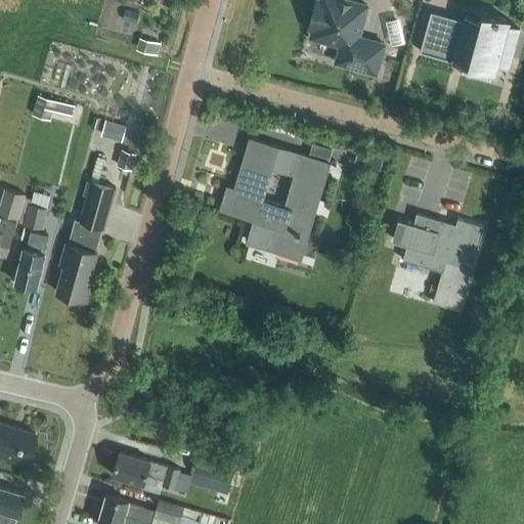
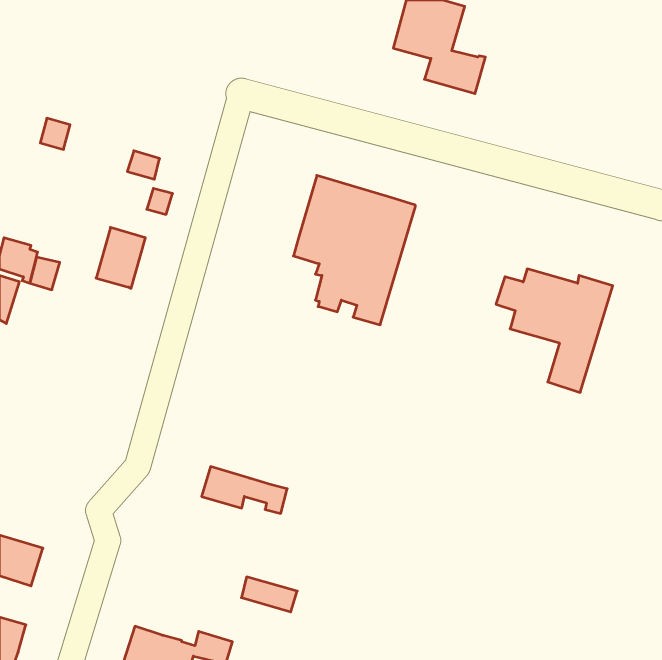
building: [418,12,518,70] -> none
building: [55,222,101,303] -> none
building: [14,234,47,290] -> none
building: [112,453,179,490] -> [202,467,287,513]

